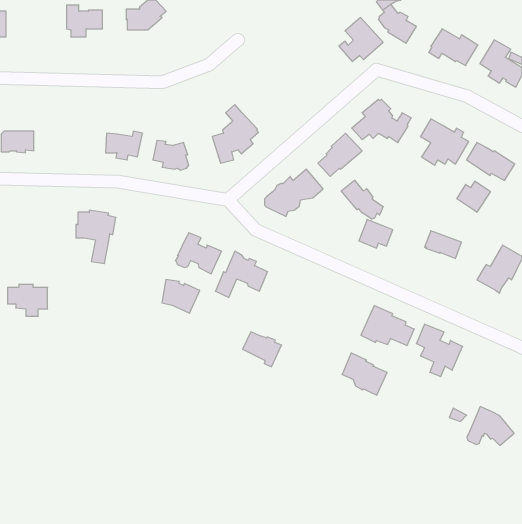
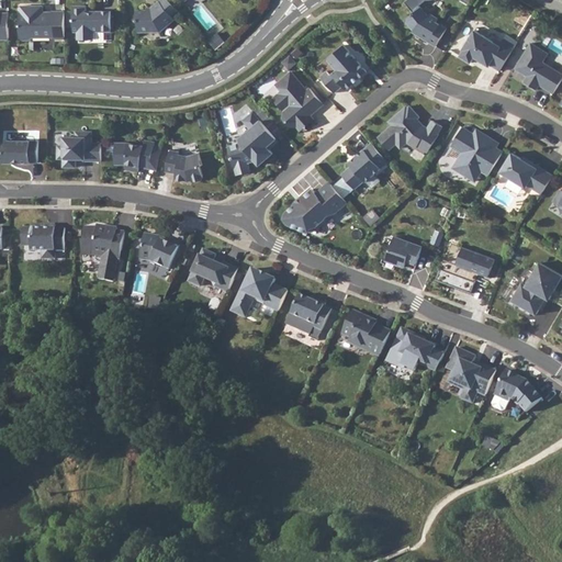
building: none -> [18,5,64,40]
building: [339,18,383,62] -> [319,45,367,92]
building: none -> [274,72,322,126]
building: none -> [55,132,99,172]
building: [341,180,383,219] -> none
building: [457,181,490,212] -> none
building: [162,279,200,313] -> [138,234,179,270]
building: [8,284,48,316] -> [21,225,64,259]
building: [243,332,282,367] -> [290,294,331,331]
building: [342,353,387,395] -> [341,311,390,356]
building: [467,407,514,445] -> [491,370,541,412]

